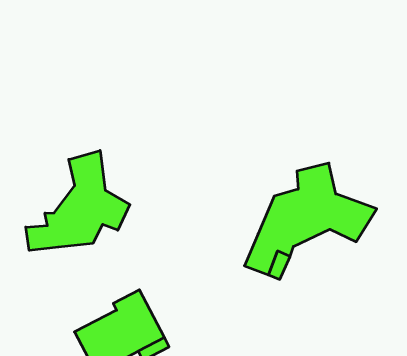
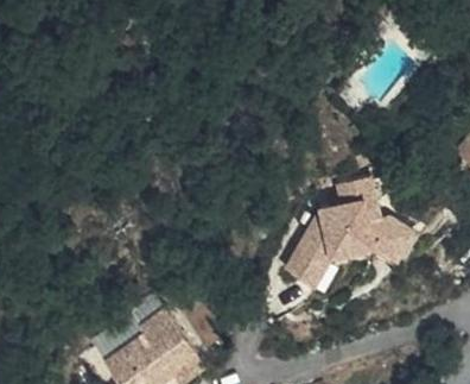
building: [26,150,130,250] -> none

